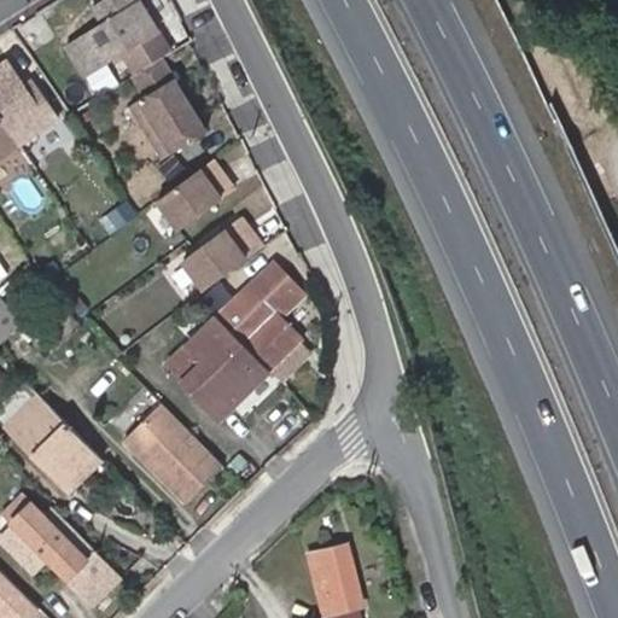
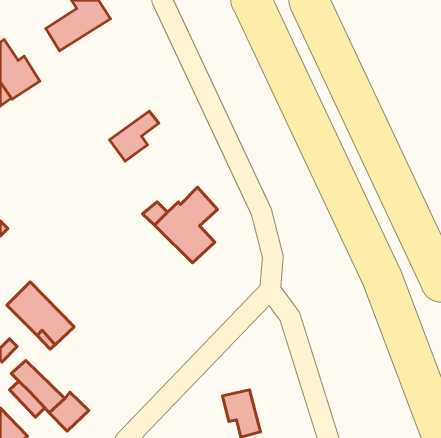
building: [129,57,204,156] -> none
building: [185,218,263,286] -> none
building: [187,321,269,416] -> none
building: [119,402,226,509] -> none

